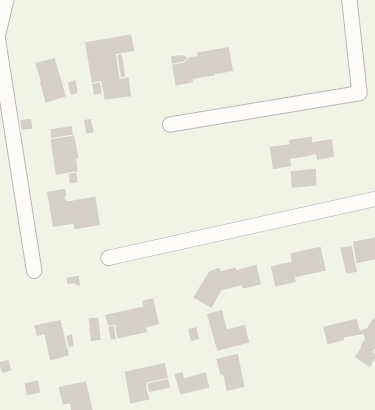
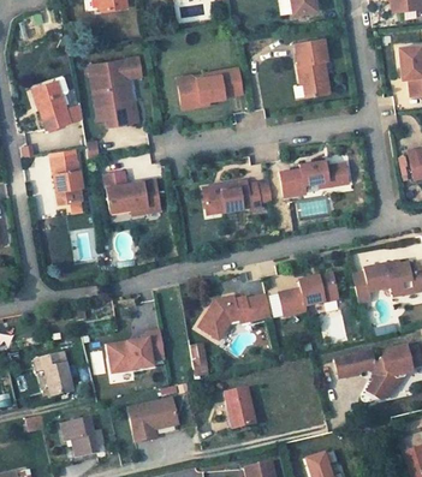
building: none -> [293,40,329,97]
building: none -> [202,179,272,211]
building: [46,188,101,230] -> [103,173,160,216]
building: [206,309,250,352] -> none
building: [174,371,210,396] -> none

